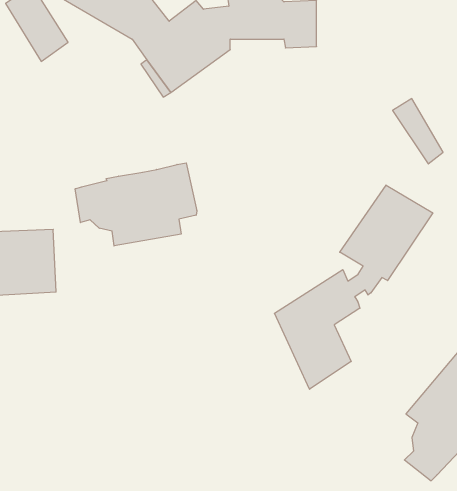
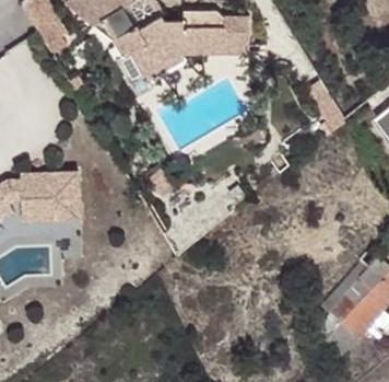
building: [75,163,197,246] -> none
building: [275,185,433,389] -> none

